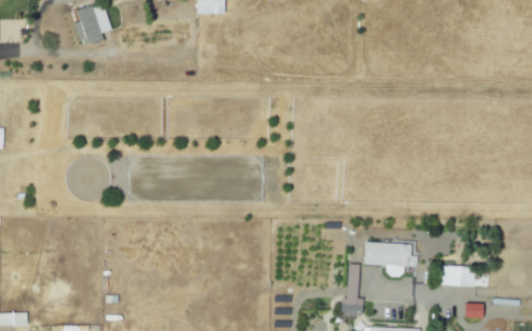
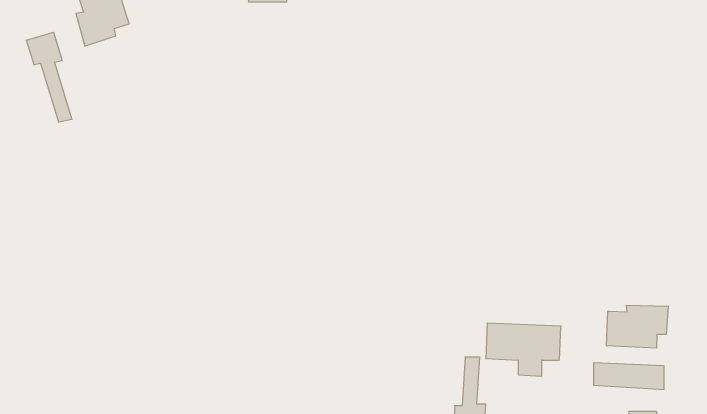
building: none -> [26,32,72,122]
building: none -> [607,305,668,348]

